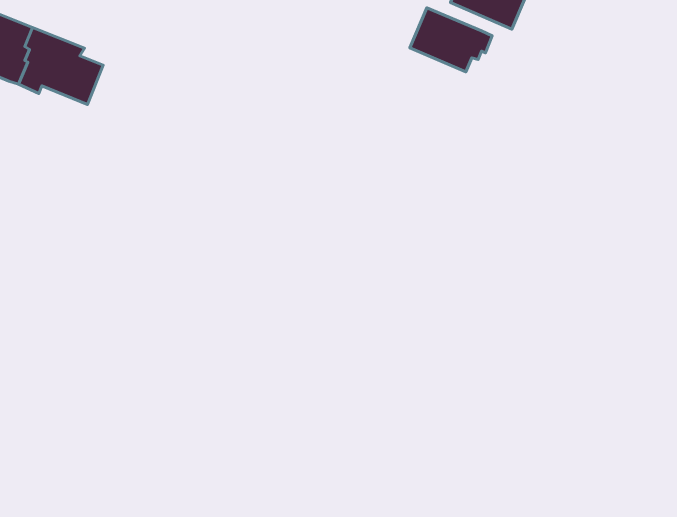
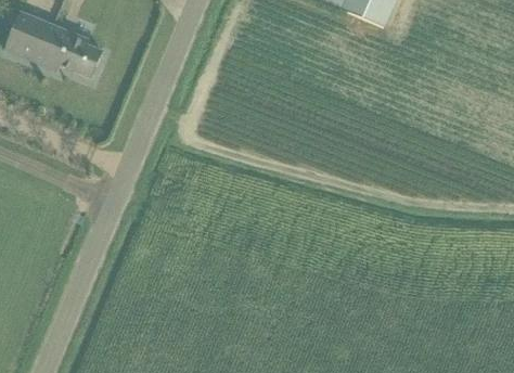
building: [410,8,492,72] -> none

